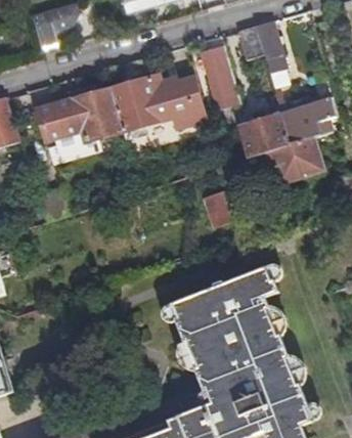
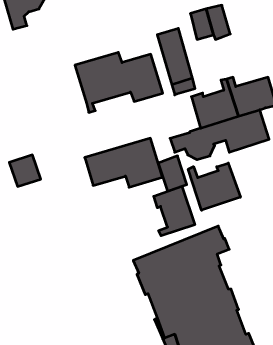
building: [36,87,122,141] -> [85,138,162,187]
building: none -> [188,163,240,210]
building: none -> [154,186,195,236]

